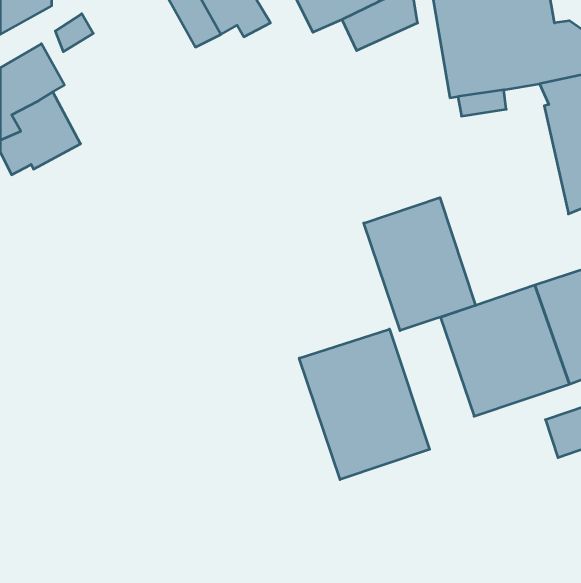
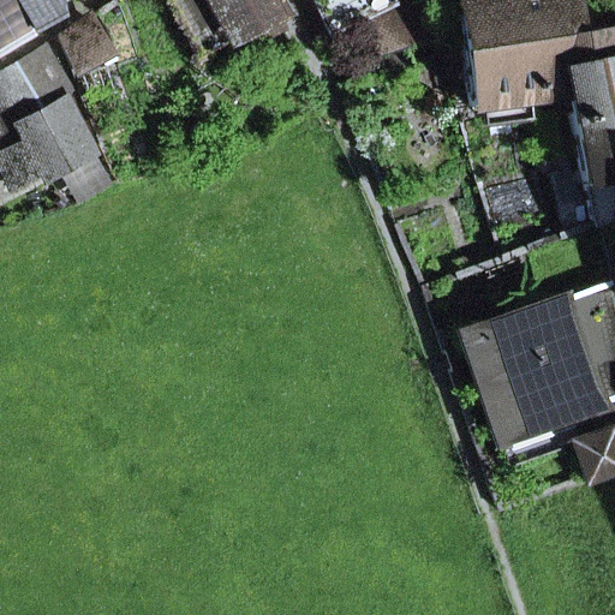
building: [364,198,475,331] -> none
building: [299,329,430,480] -> none

